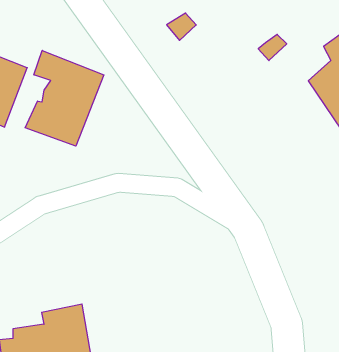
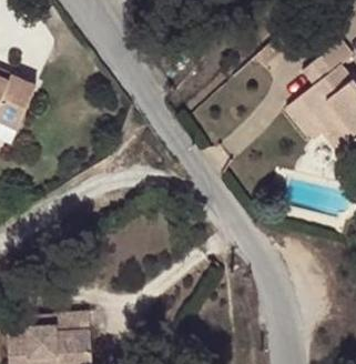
building: [25,50,104,146] -> none

